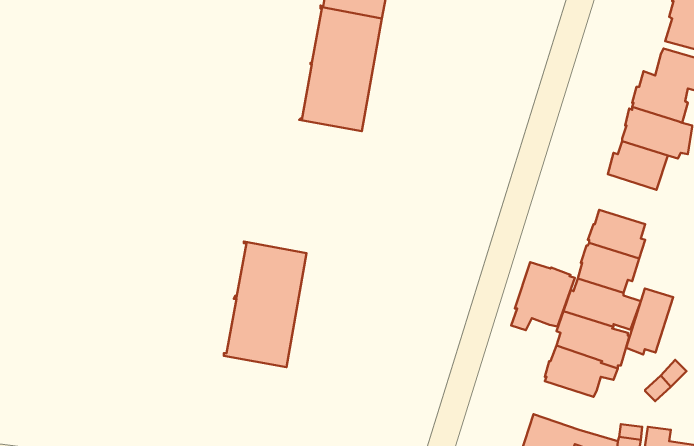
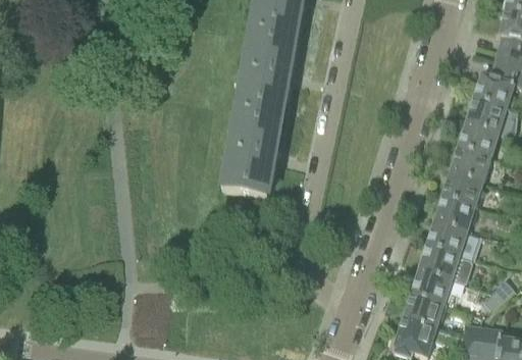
building: none -> [451,145,491,181]
building: [224,242,307,367] -> [222,106,281,196]
building: [511,262,575,330] -> none
building: [626,289,673,355] -> none
building: none -> [404,293,447,327]

